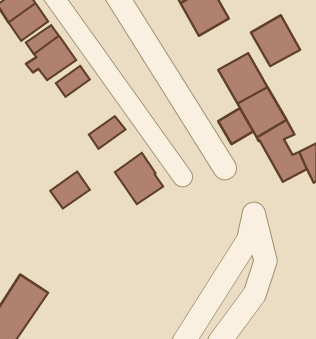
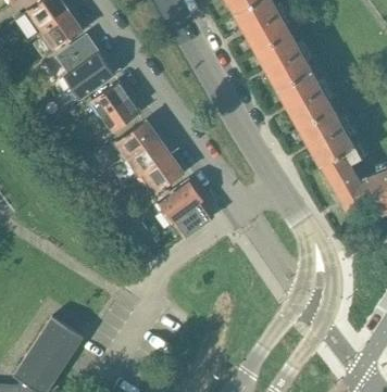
building: [251,15,300,66] -> [252,27,308,85]
building: none -> [102,96,140,130]
building: none -> [116,119,158,157]
building: [218,108,253,144] -> none
building: [50,172,90,208] -> [139,152,184,193]

